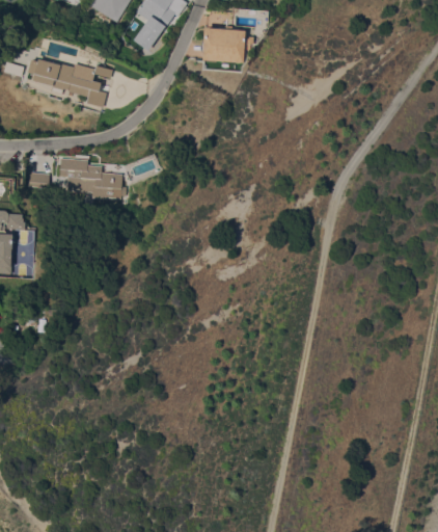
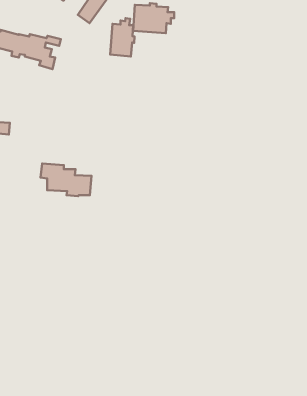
building: none -> [110,18,134,57]
building: [58,158,121,198] -> [40,163,92,196]

